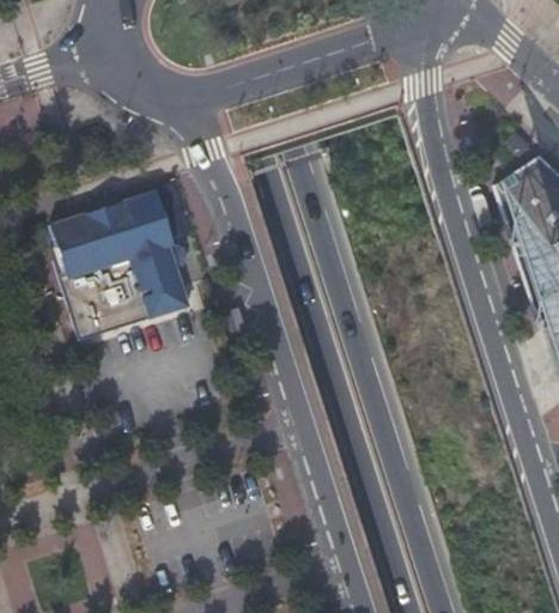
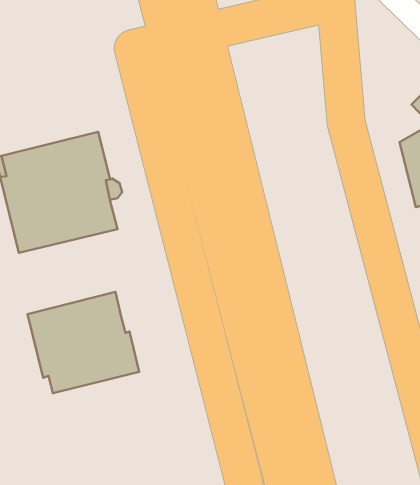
building: none -> [27,292,139,393]

